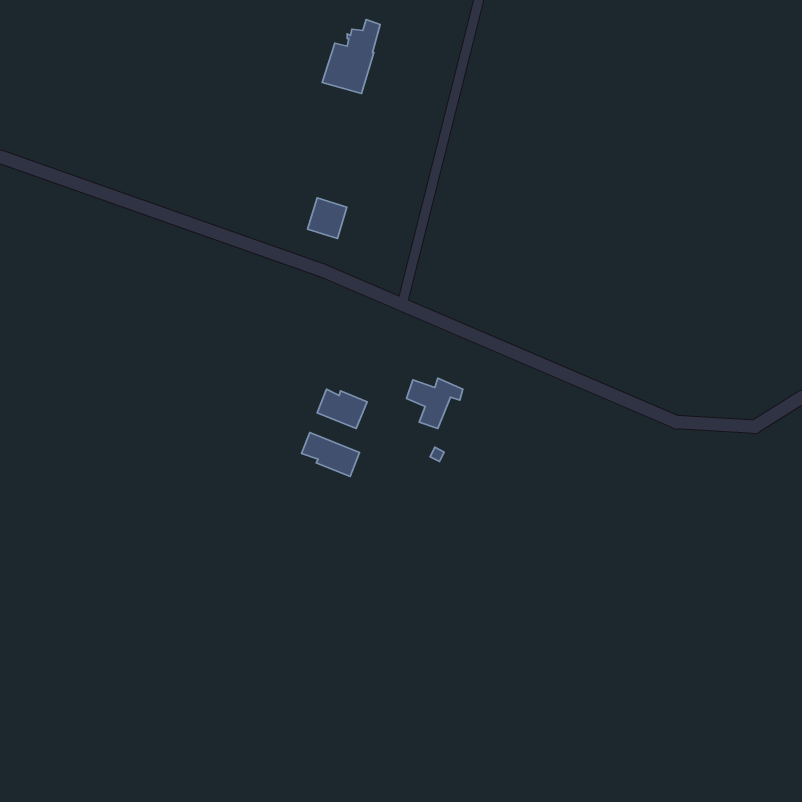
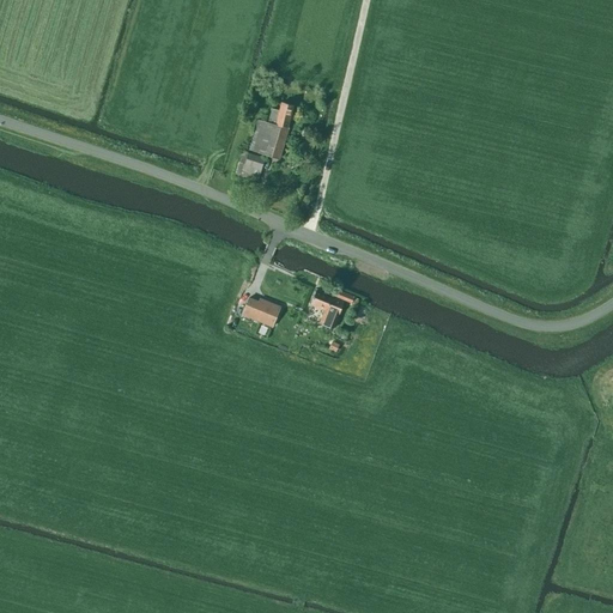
building: [322,20,380,93] -> [249,102,293,158]
building: [301,432,360,476] -> none

